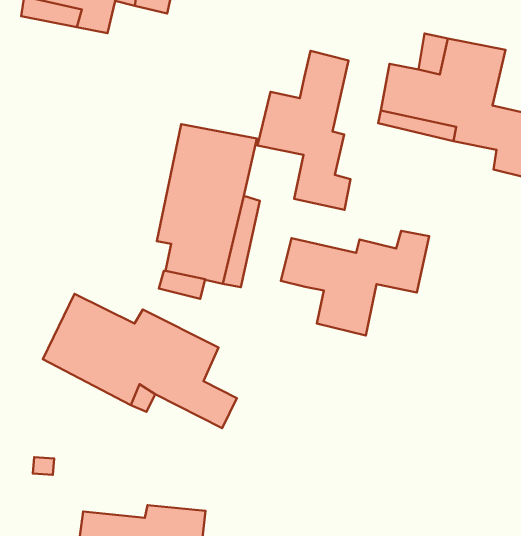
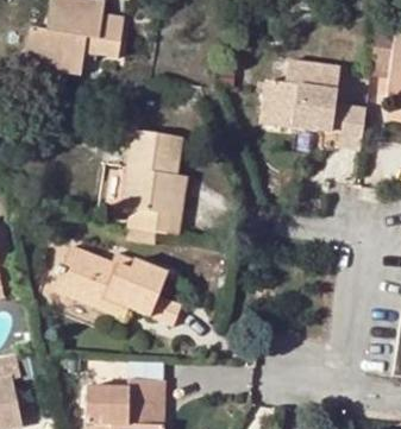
building: [258,51,351,210] -> none
building: [281,231,429,336] -> none

